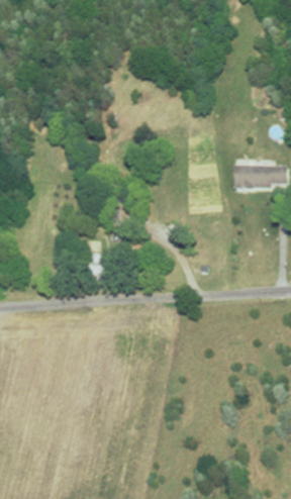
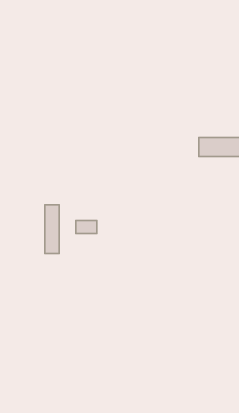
building: none -> [45,205,59,254]

